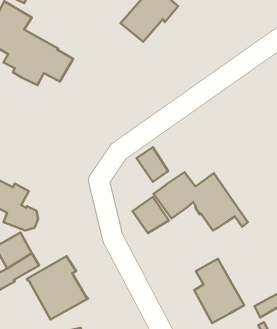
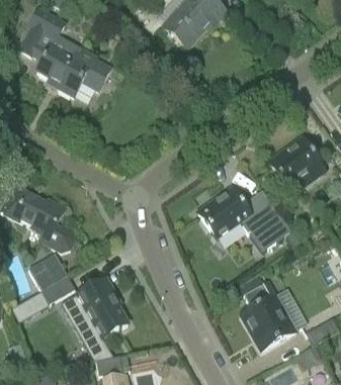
building: none -> [269,136,326,194]
building: [137,147,168,182] -> none
building: [132,197,169,233] -> none

